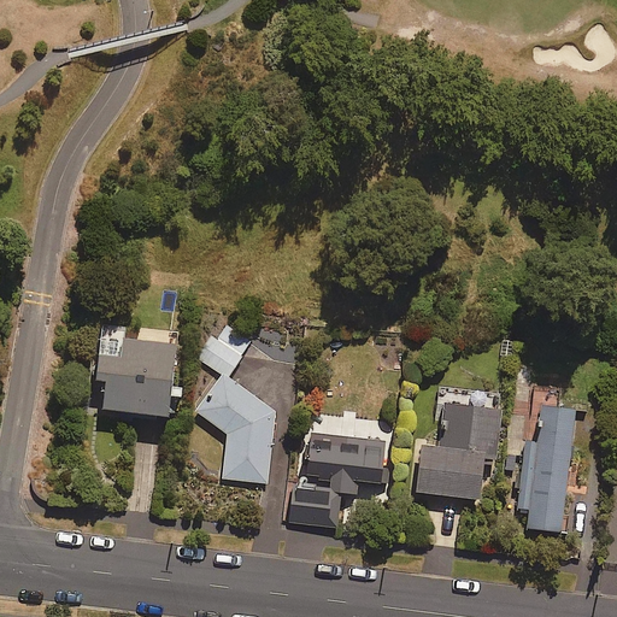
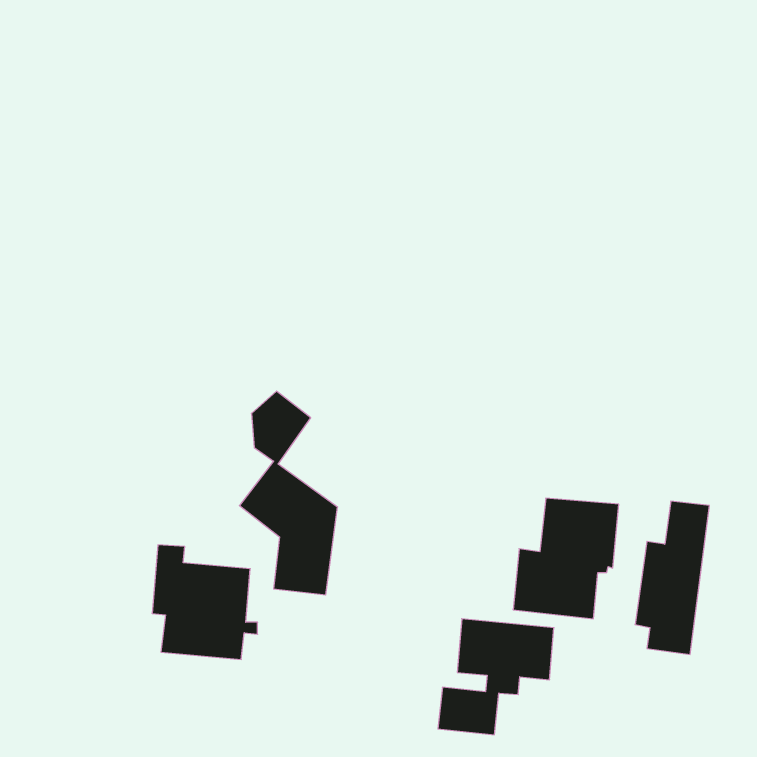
building: [96,325,182,418] -> [152,545,258,659]
building: [290,433,384,527] -> [438,619,554,735]

